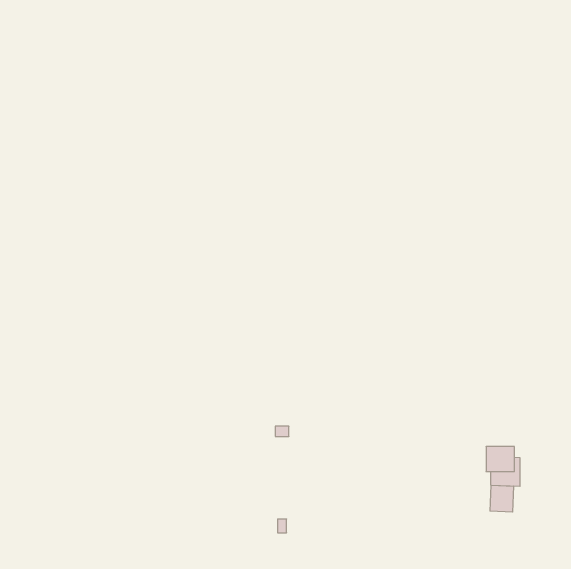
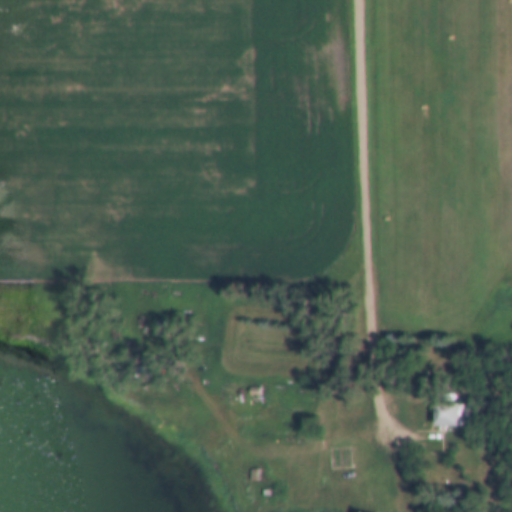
building: [490,485,513,512] -> none

